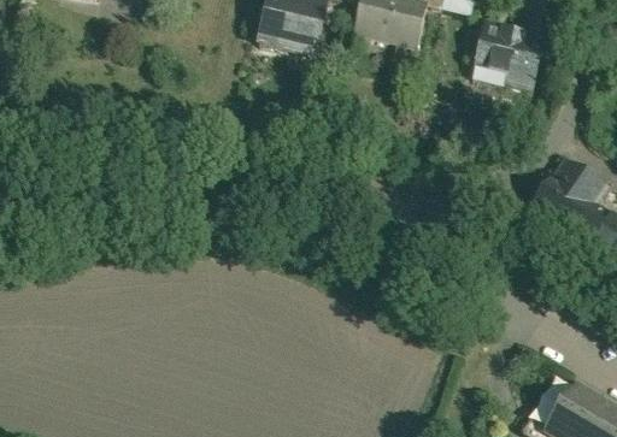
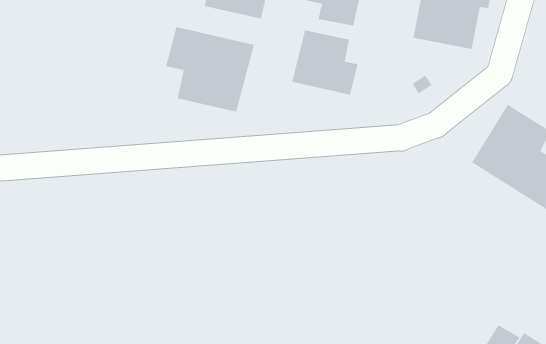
building: none -> [165,26,255,112]
building: none -> [291,29,358,96]

